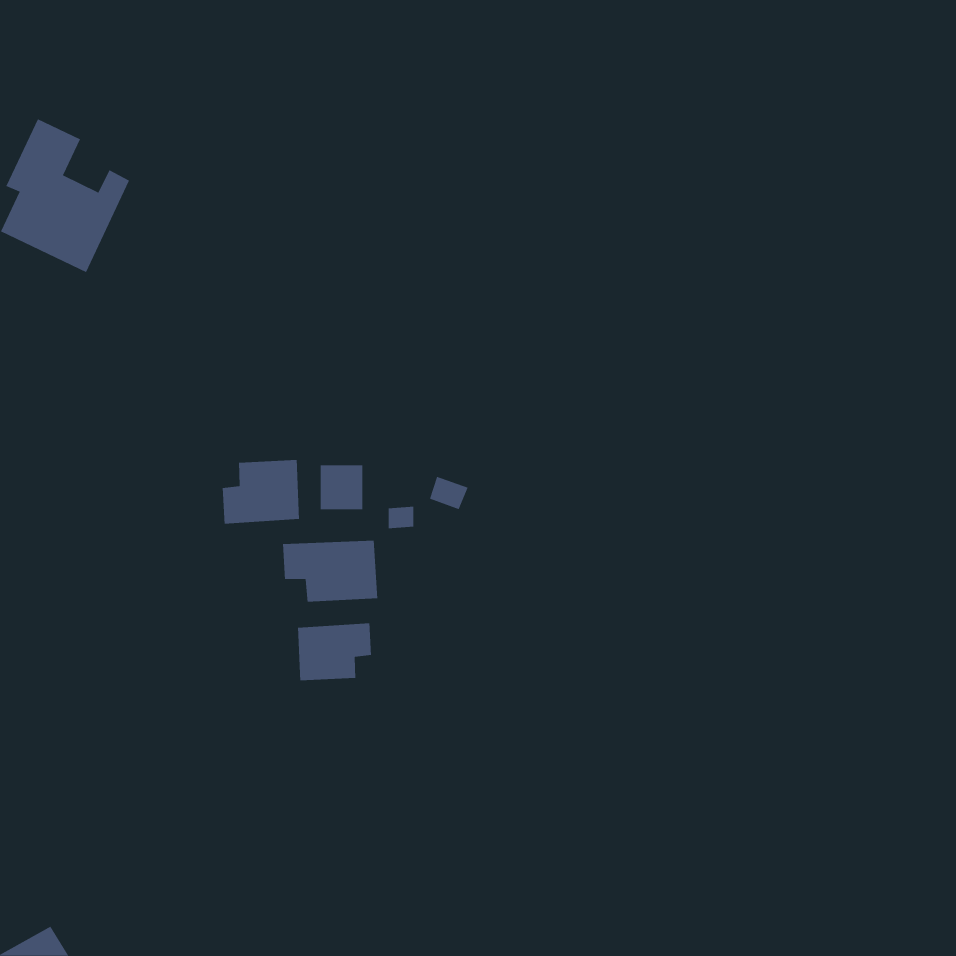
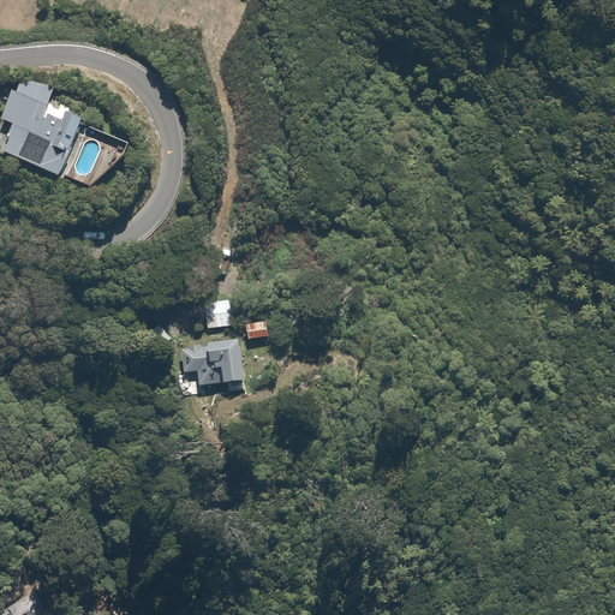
building: [222,459,300,524] -> none
building: [298,623,371,681] -> none

